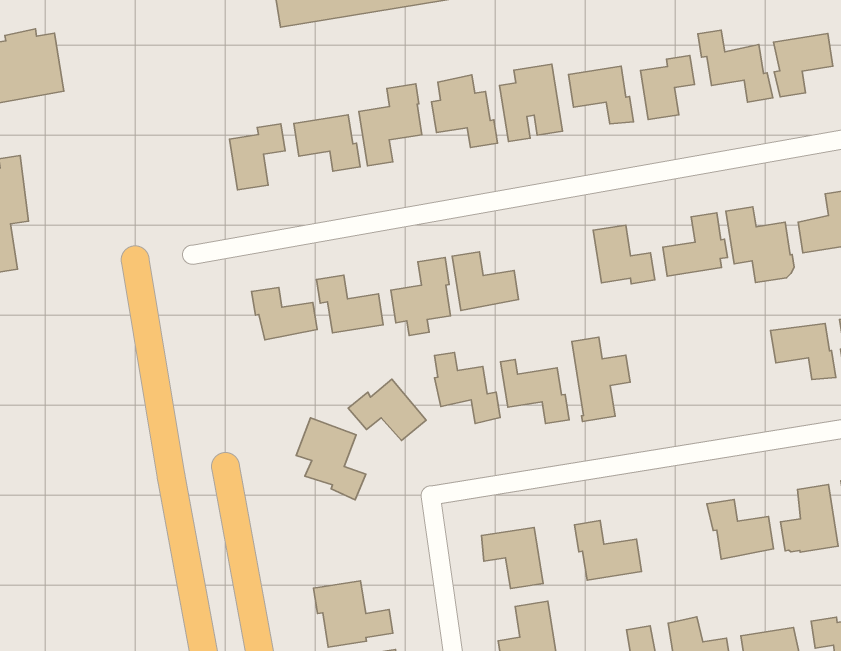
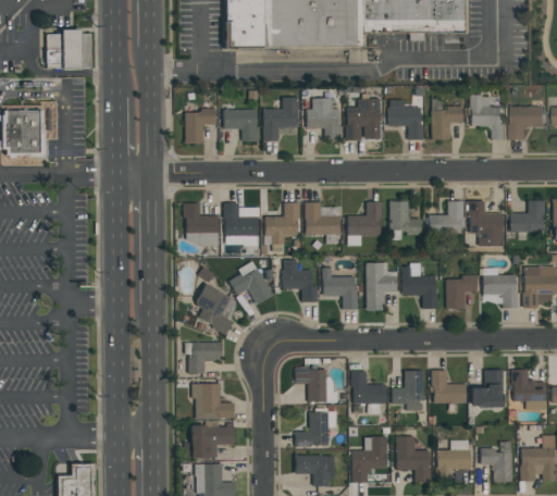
building: none -> [348,201,382,235]
building: none -> [446,274,478,308]
building: none -> [404,266,438,308]
building: none -> [393,370,423,409]
building: none -> [189,342,222,373]

